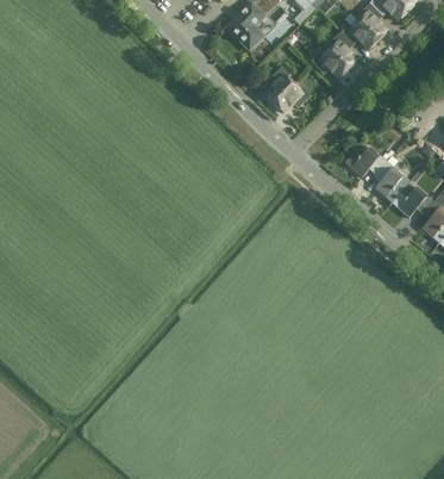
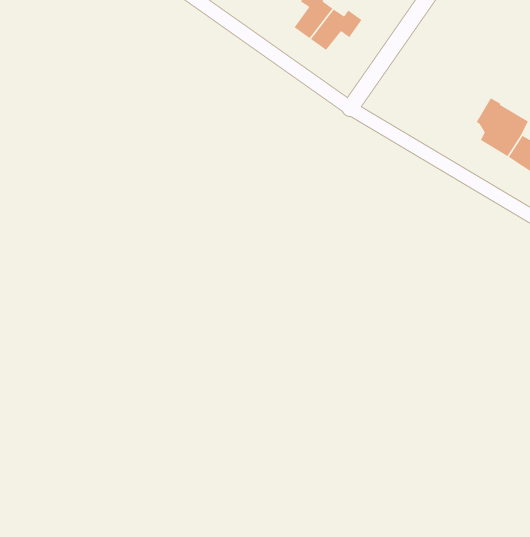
building: [344,145,393,176] -> none

